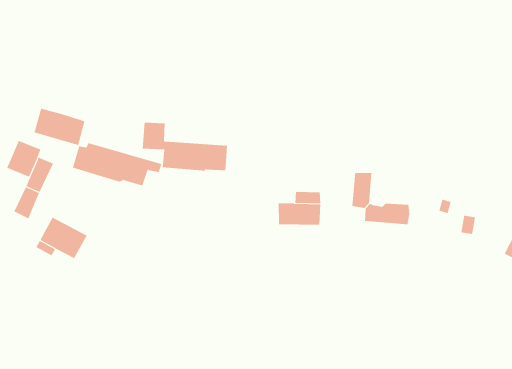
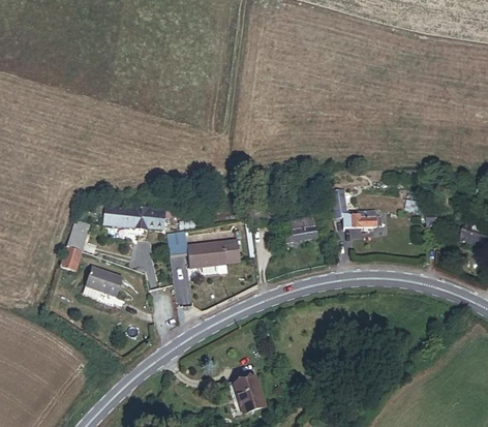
building: [34,108,85,146] -> none
building: [142,122,228,171] -> [167,234,241,270]
building: [7,140,41,177] -> none

